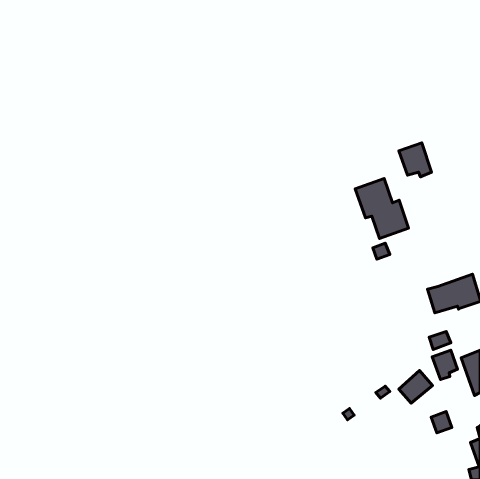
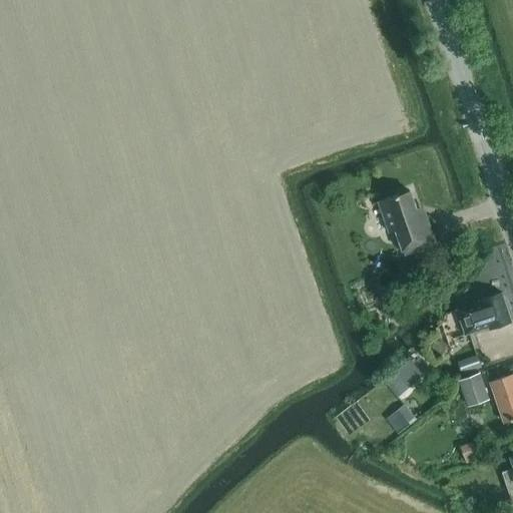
building: [399,143,432,177] -> none
building: [399,370,433,403] -> [388,360,424,395]

